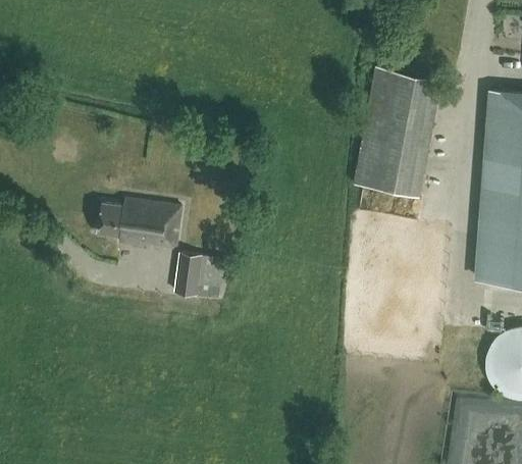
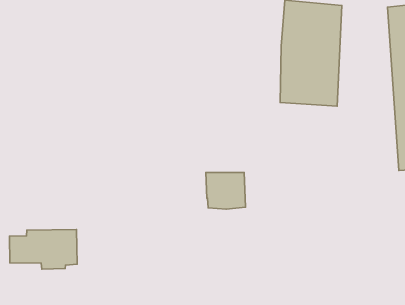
building: [99,201,180,251] -> [10,230,77,269]
building: [176,253,223,299] -> [206,173,245,209]

